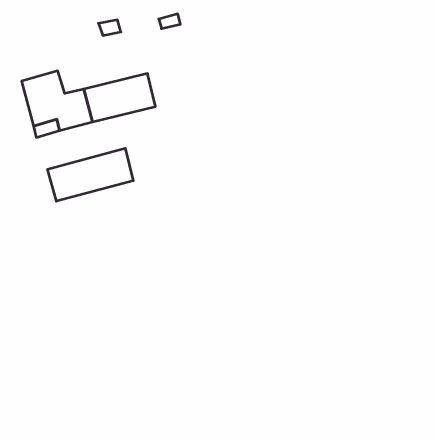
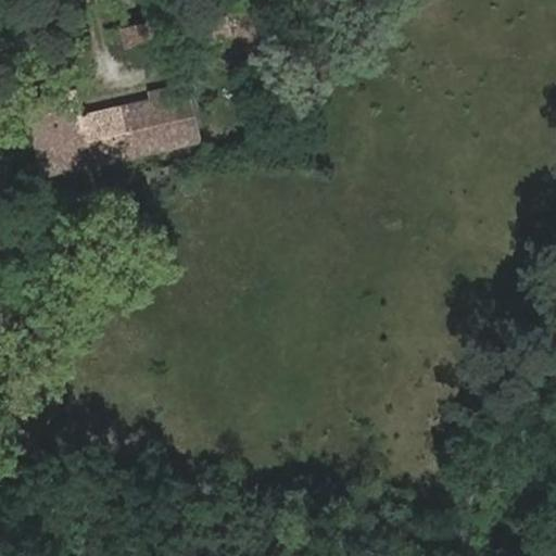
building: [48,148,133,201] -> none

